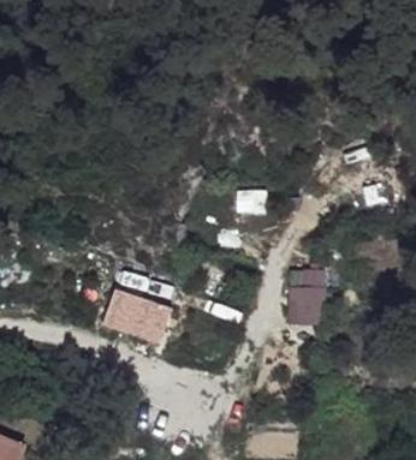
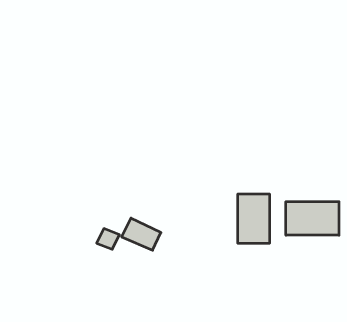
building: none -> [286,202,339,235]

